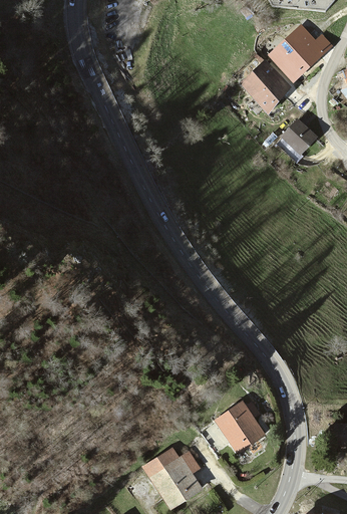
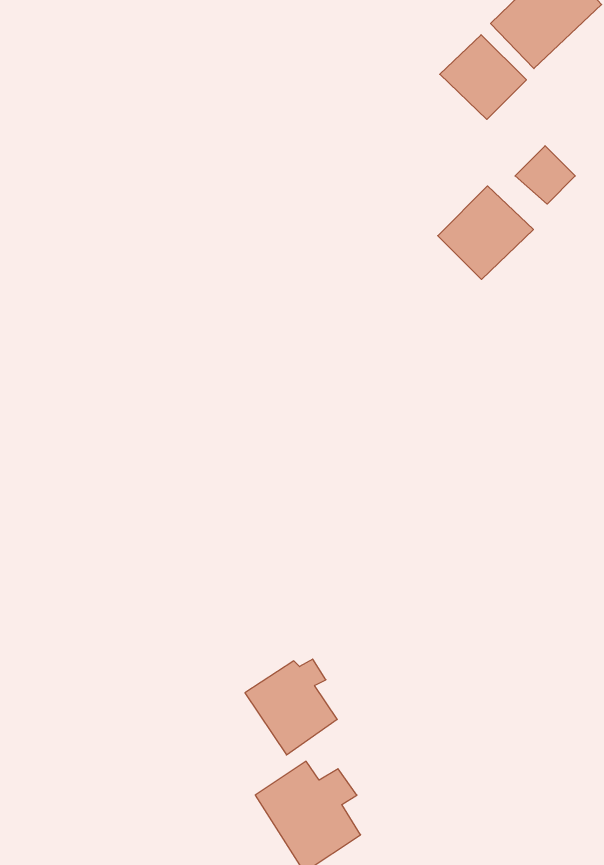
building: none -> [438,186,533,279]
building: [216,402,265,453] -> [245,659,337,755]

